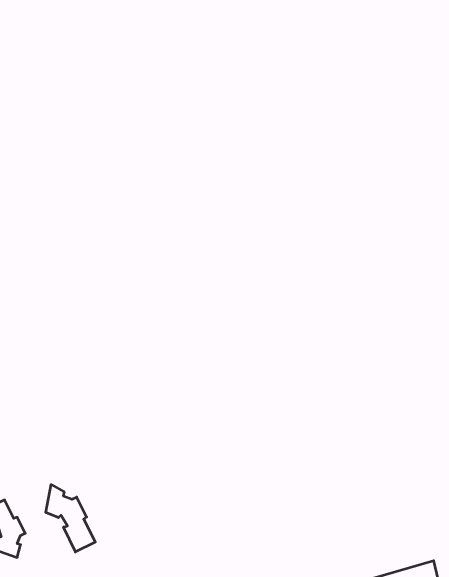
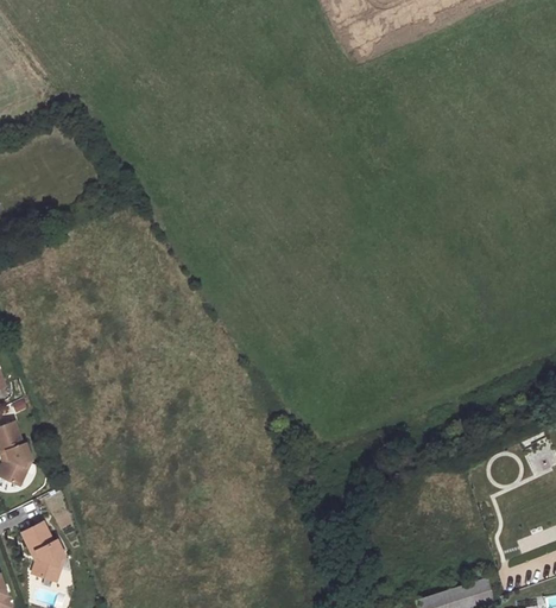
building: [46,485,95,552] -> none

